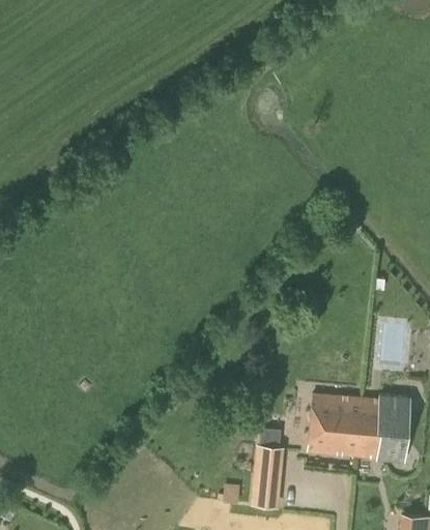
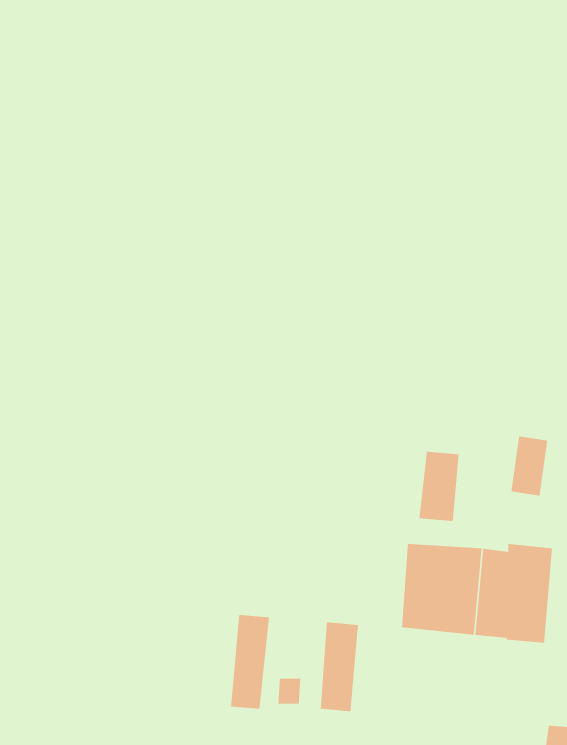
building: none -> [418,451,460,522]
building: none -> [230,614,270,709]

